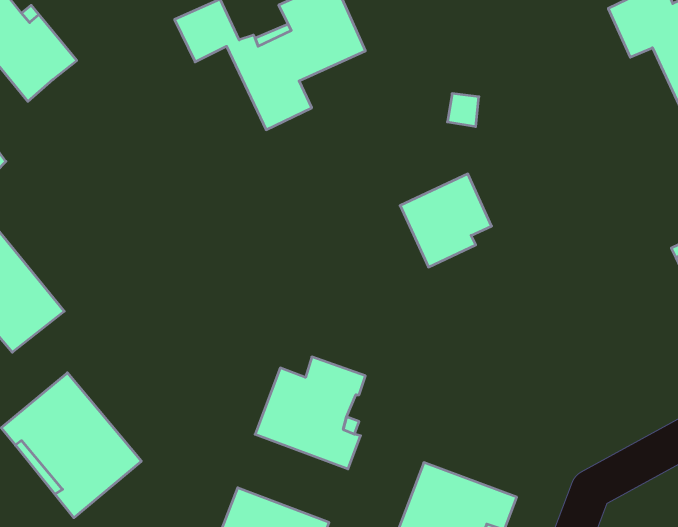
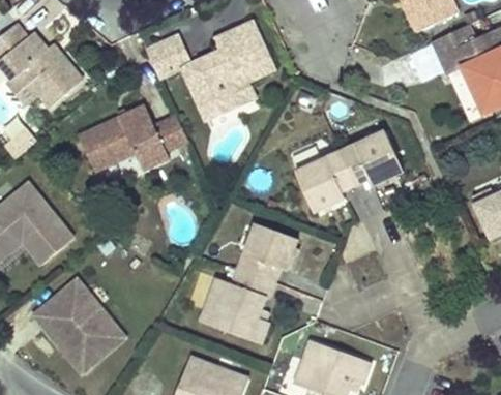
building: none -> [79,103,188,170]
building: none -> [340,129,405,184]
building: none -> [237,223,297,282]

